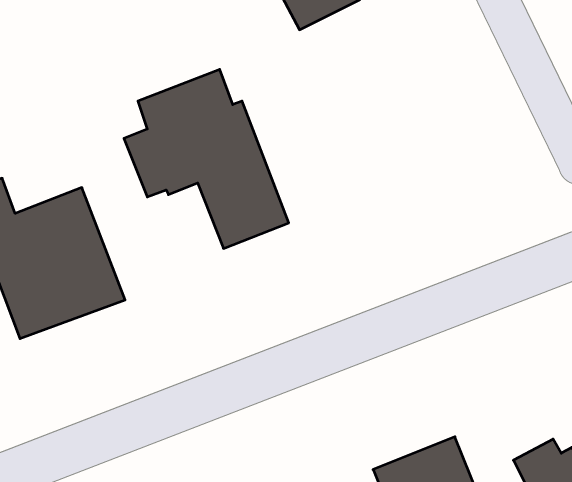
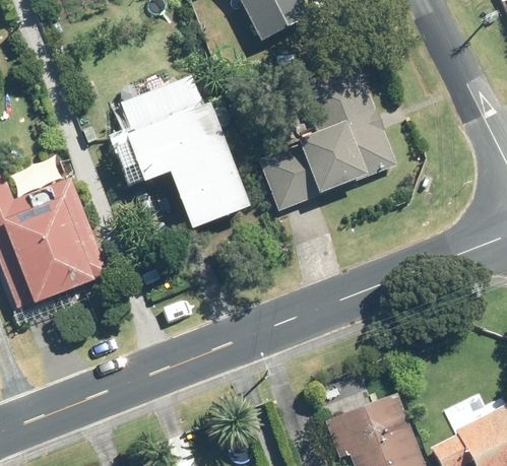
building: none -> [257,88,399,210]

